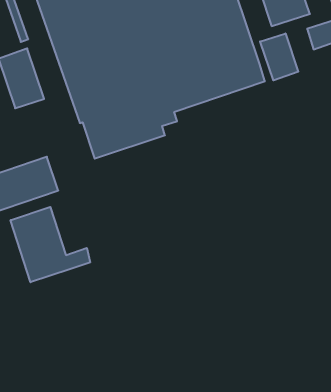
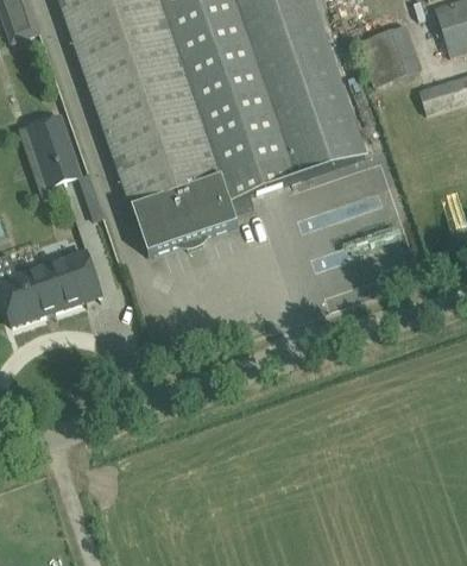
building: [260,33,298,80] -> none
building: [11,207,90,282] -> none

